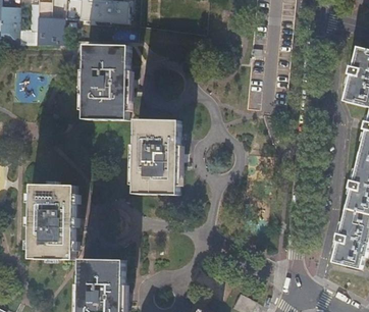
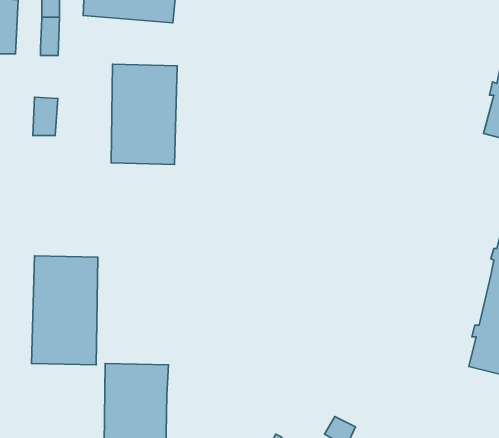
building: [48,19,65,46] -> [33,97,58,135]
building: [135,120,180,196] -> none

